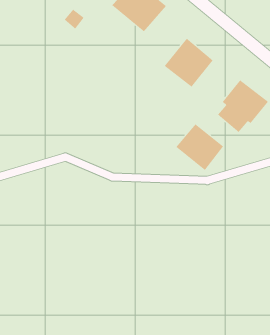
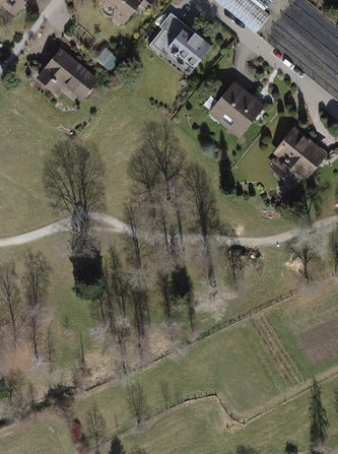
building: none -> [35,48,97,100]
building: [175,123,224,171] -> none

